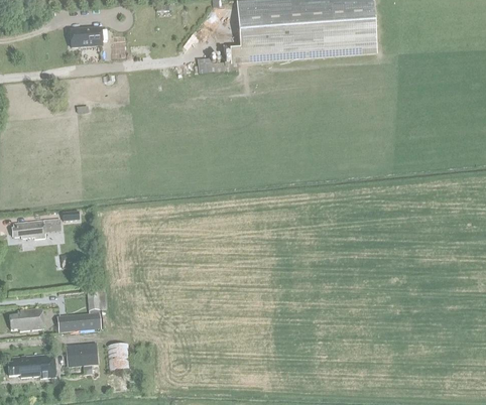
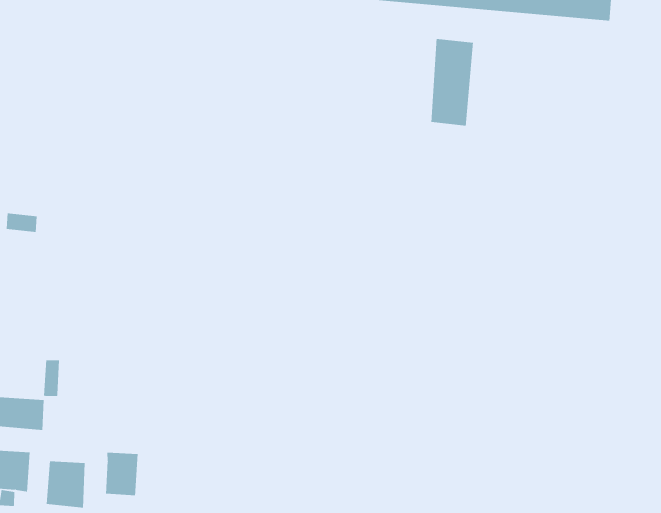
building: none -> [431,38,474,126]
building: none -> [106,452,138,496]

